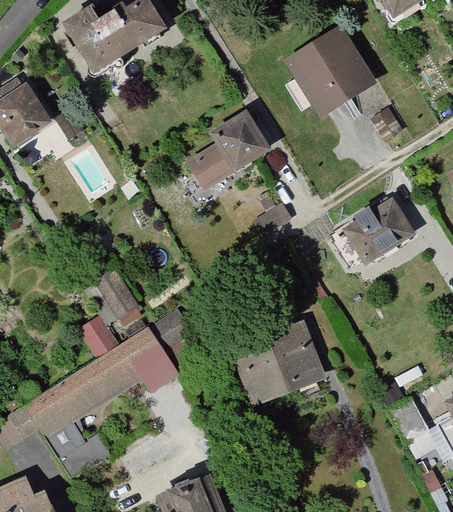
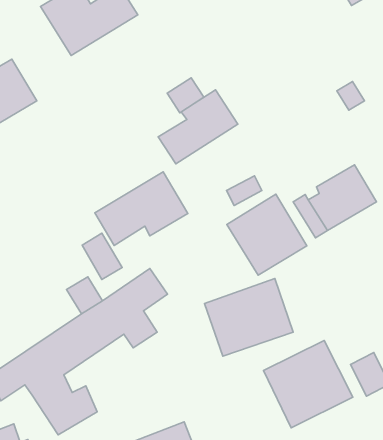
building: [281,26,376,120] -> none
building: none -> [167,78,204,113]
building: none -> [95,172,188,246]
building: none -> [227,194,307,275]
building: none -> [264,341,353,428]

